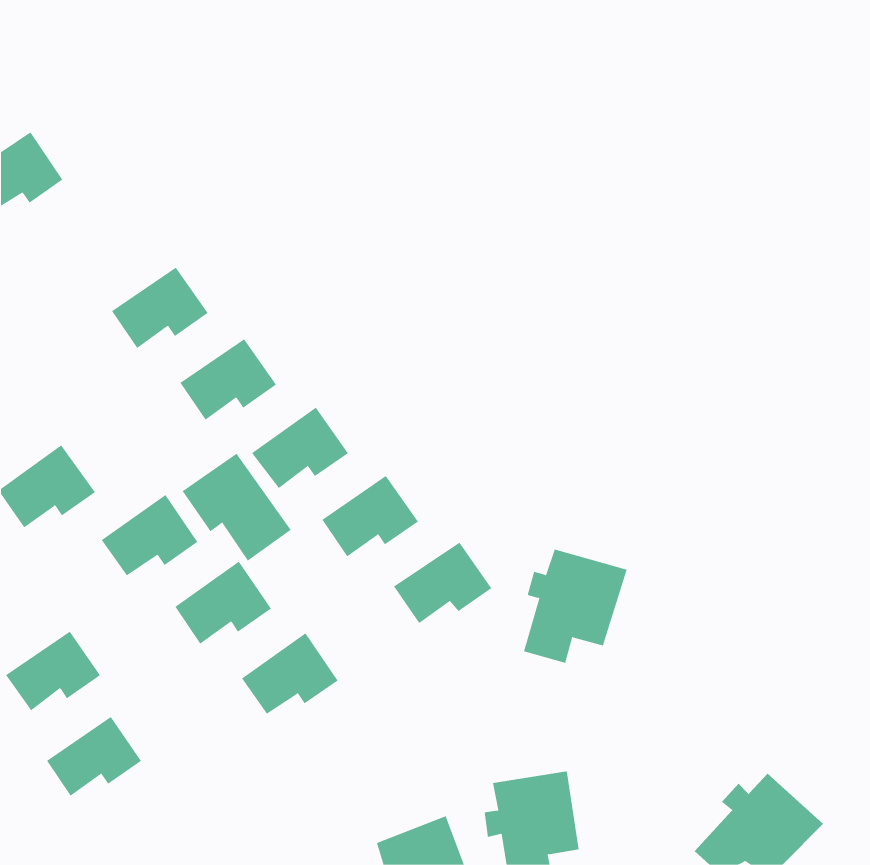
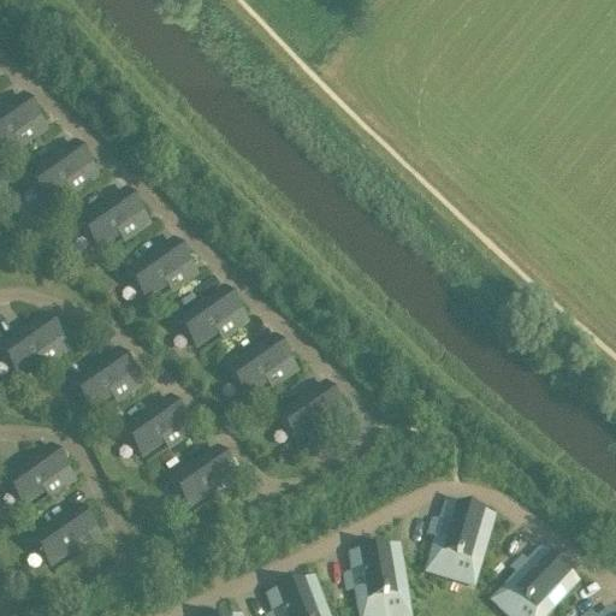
building: none -> [30,140,99,199]
building: [182,453,292,561] -> none
building: [523,549,628,663] -> [425,499,498,580]

